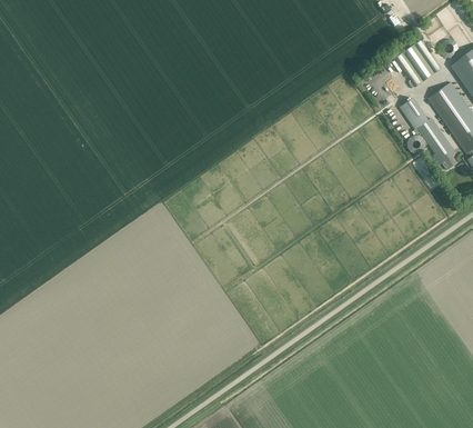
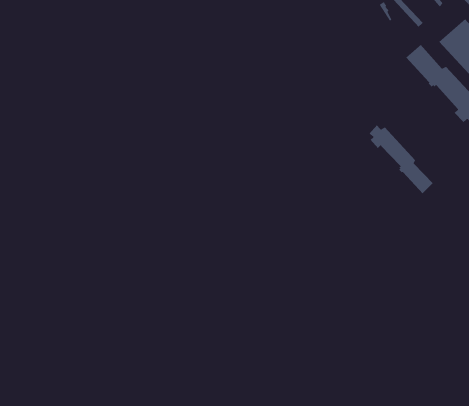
building: none -> [369,124,433,194]

